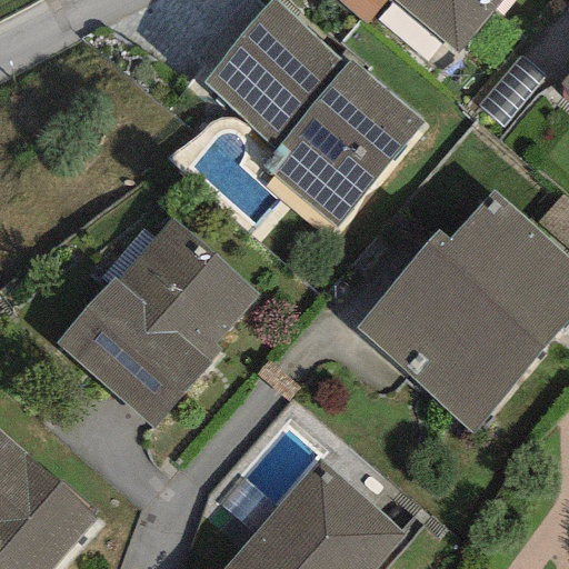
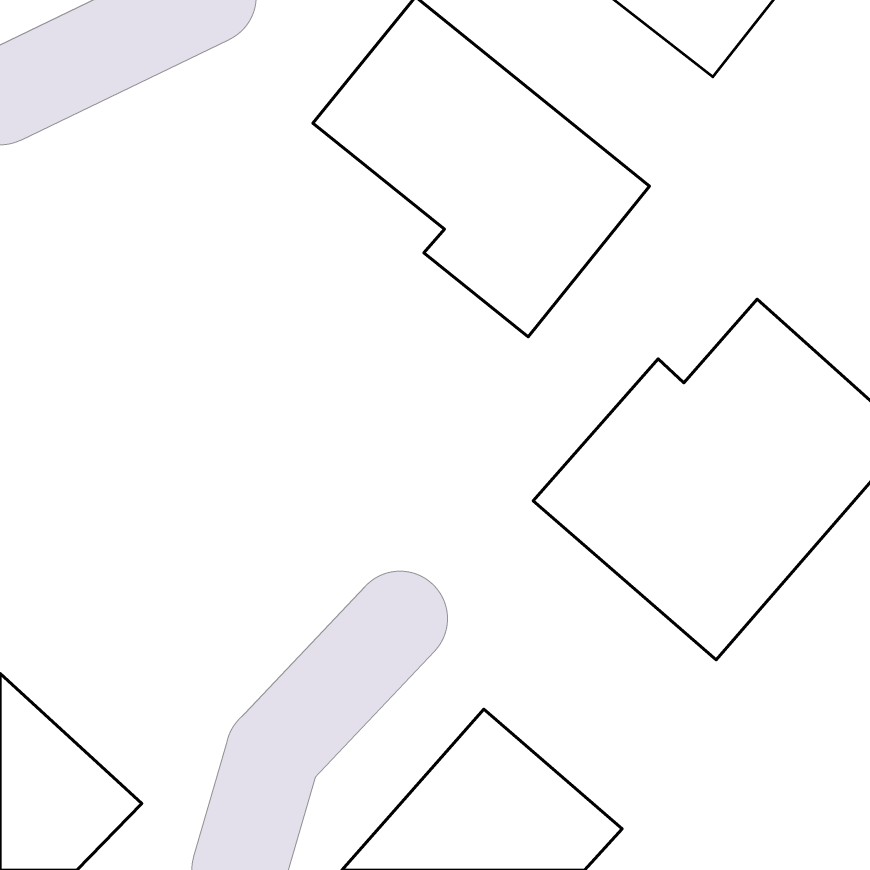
building: [51,218,261,437] -> none

